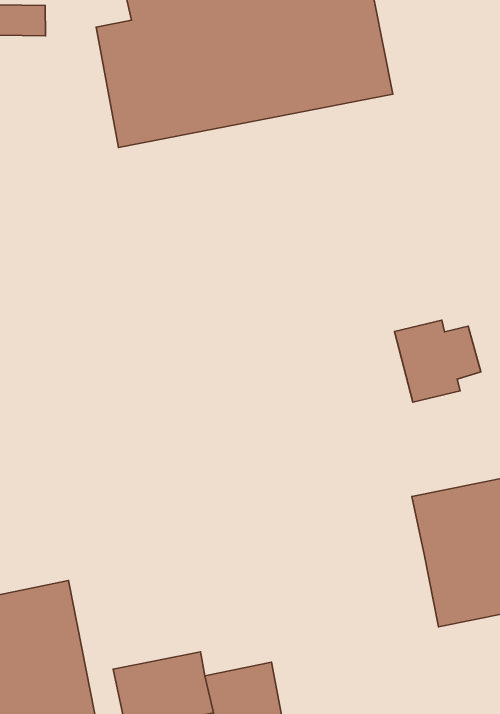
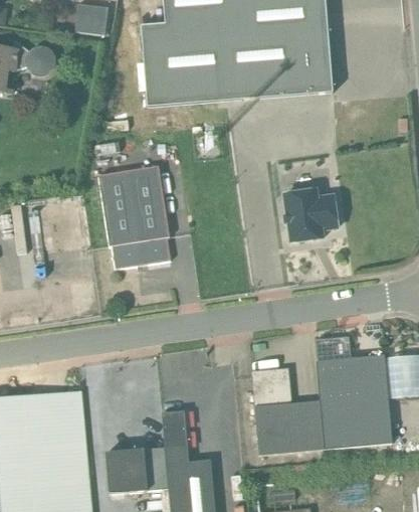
building: none -> [97,165,170,268]
building: [394,320,481,402] -> [283,189,338,241]
building: none -> [252,372,324,455]
building: none -> [161,410,187,448]

